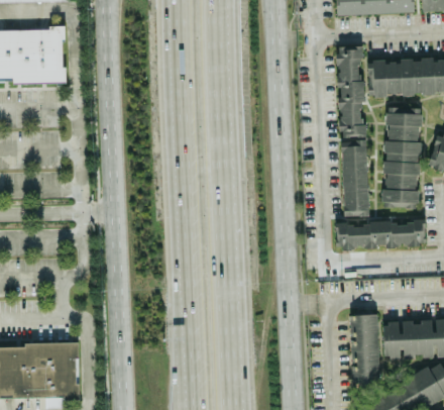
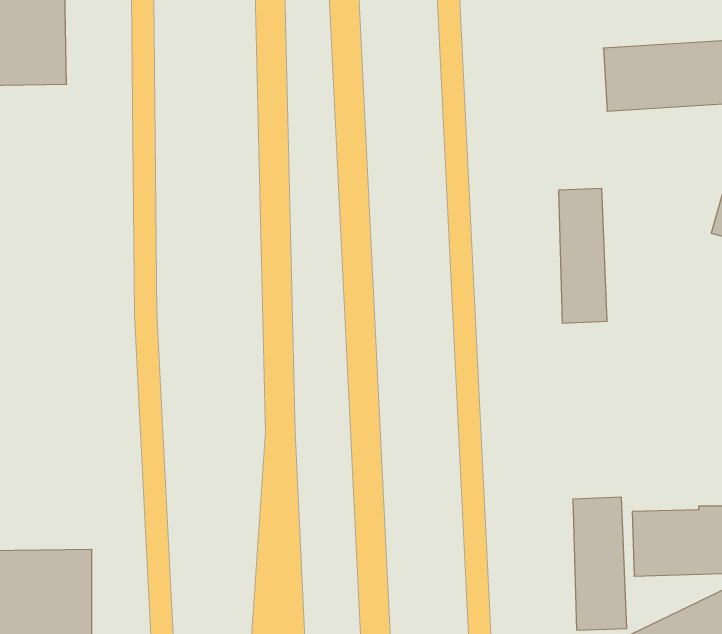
building: [337,45,364,137] -> none
building: [384,107,422,207] -> none
building: [336,221,427,247] -> none

